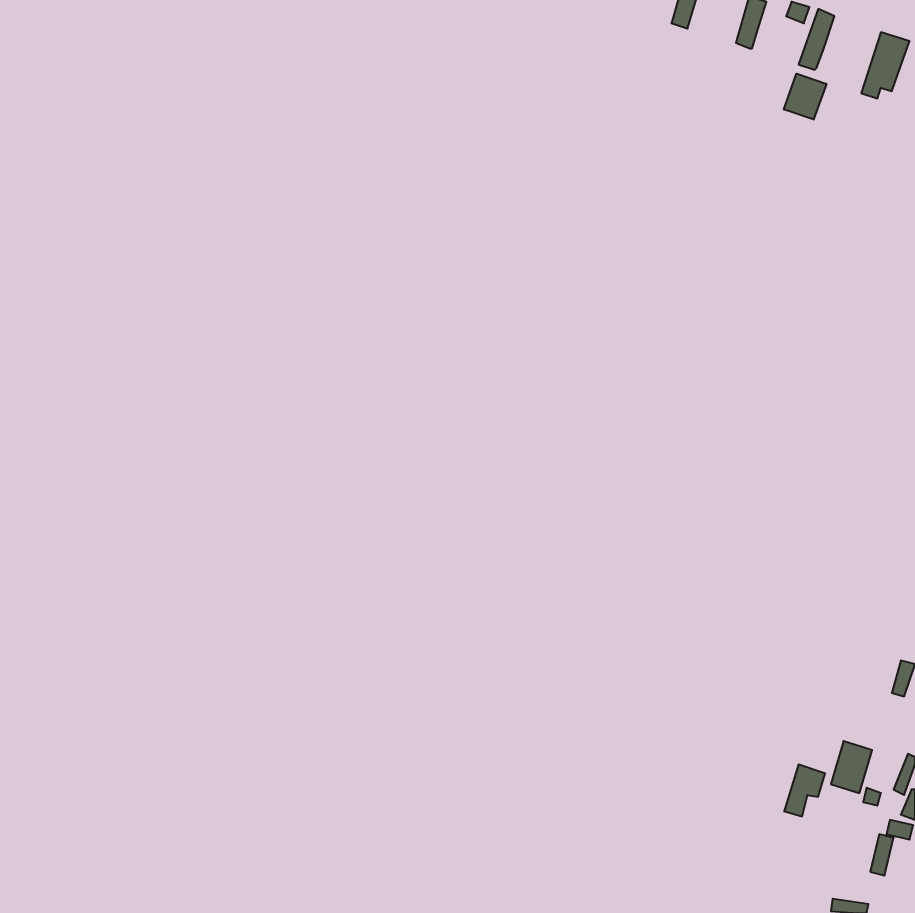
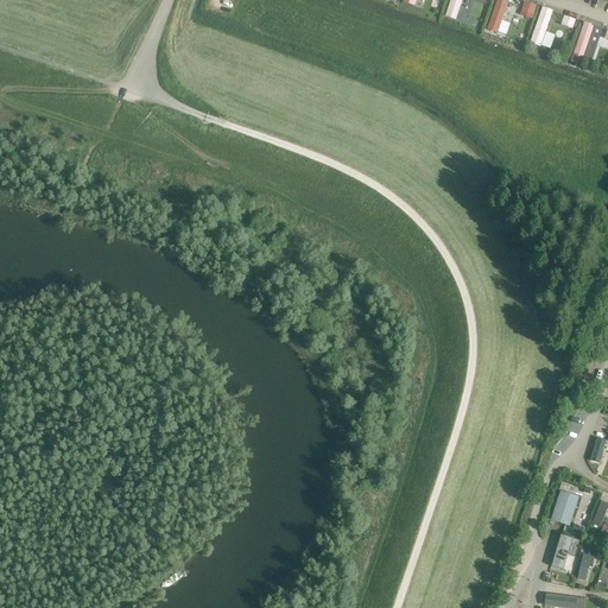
building: [784,74,826,120] -> none
building: [784,765,825,816] -> [552,534,580,569]

